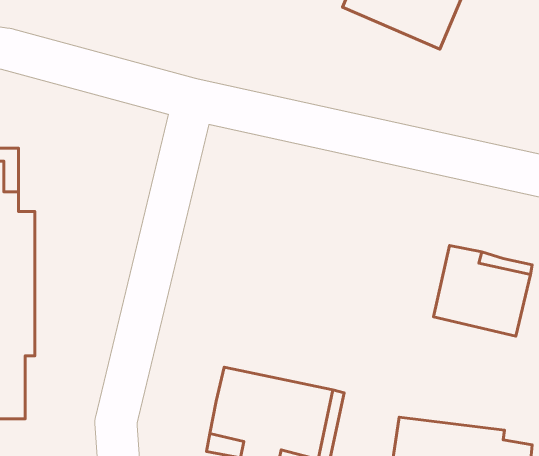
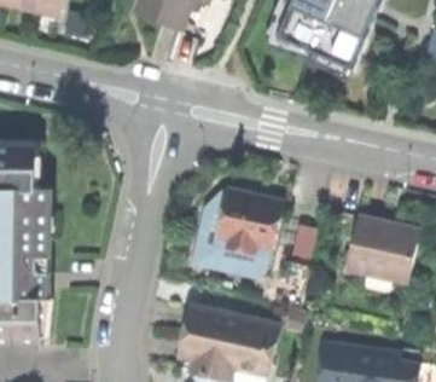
building: none -> [222,190,283,254]

